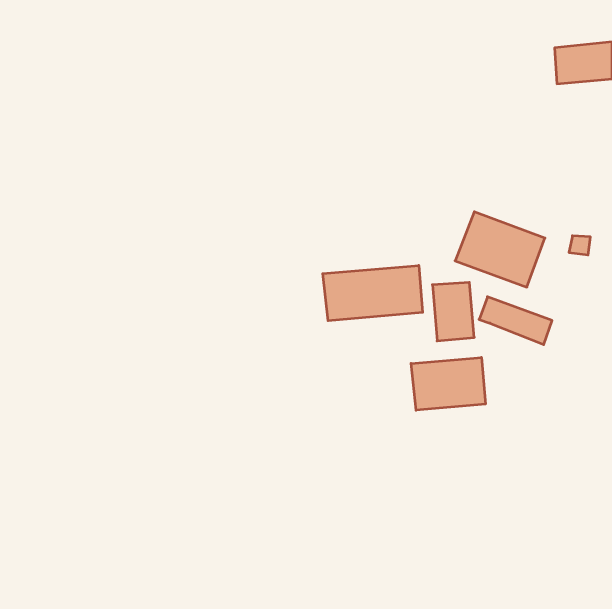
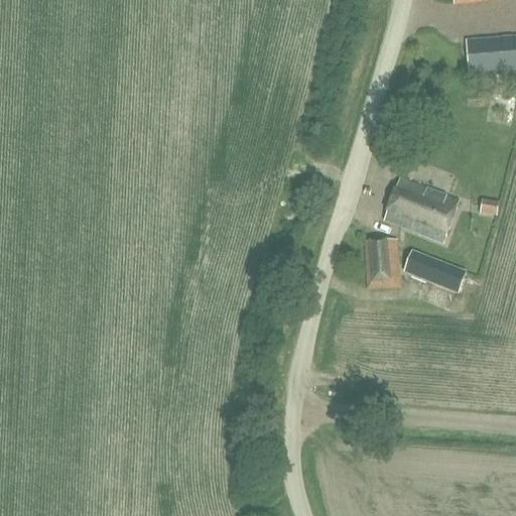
building: [323,265,423,321] -> none
building: [411,357,485,410] -> none

